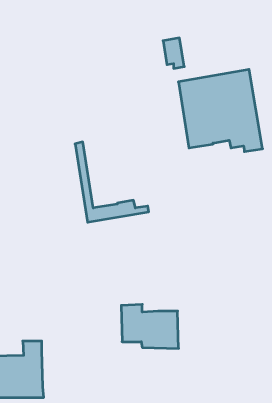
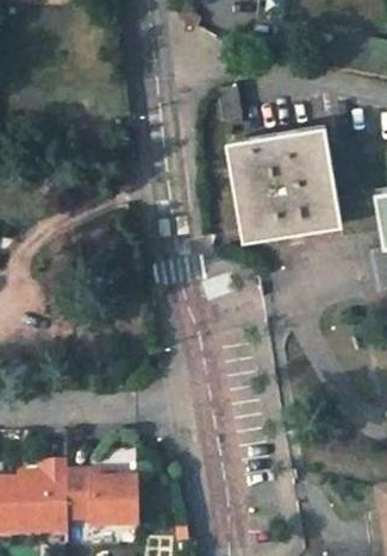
building: [75,142,149,222] -> [226,140,318,240]
building: [121,304,179,348] -> [65,474,137,529]

